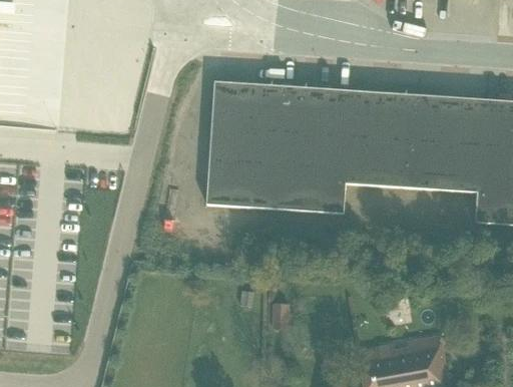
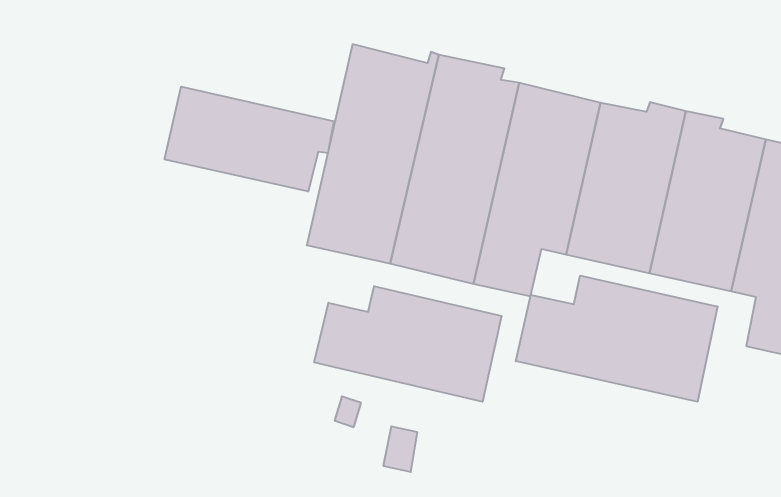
building: none -> [165,87,334,192]
building: none -> [516,276,718,402]
building: none -> [314,286,502,402]

